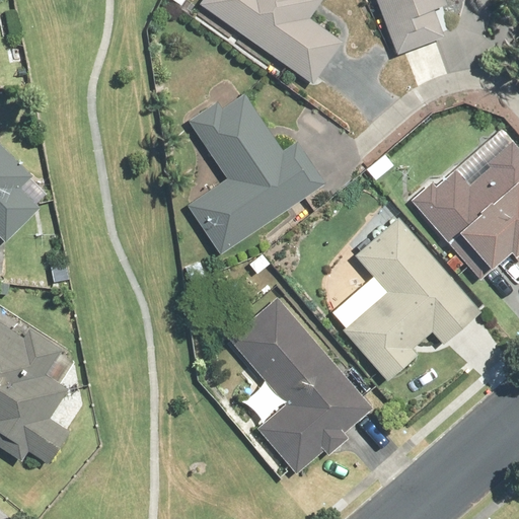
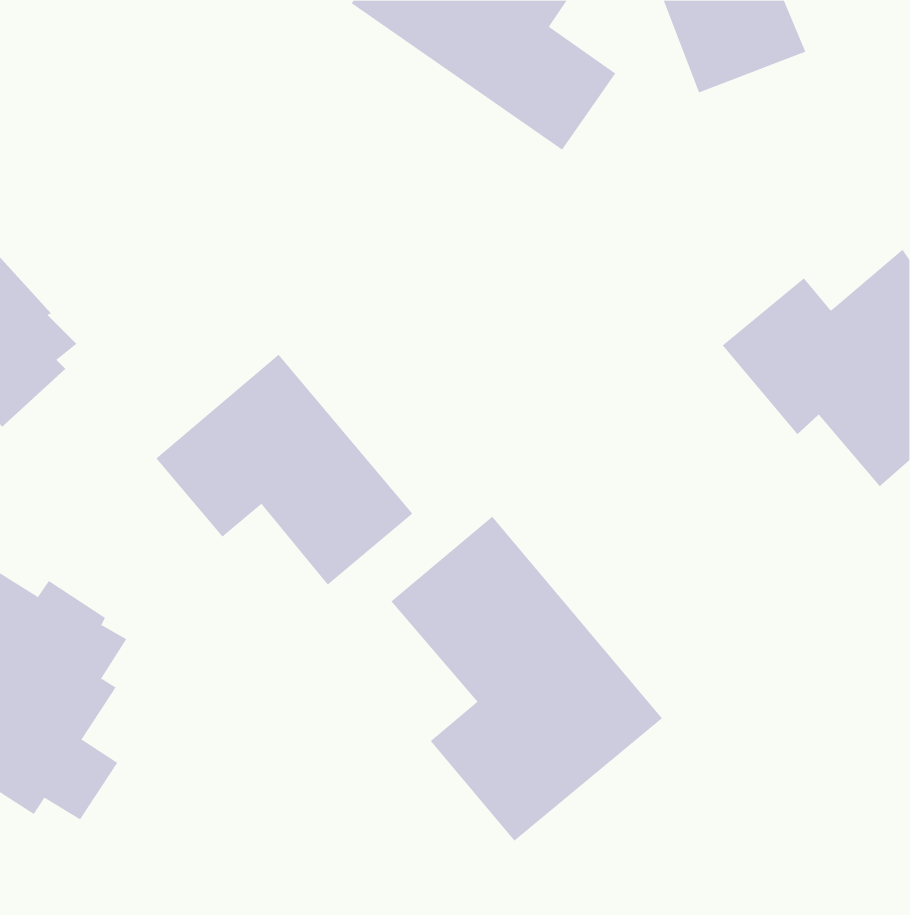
building: [181,84,330,261] -> none
building: none -> [156,354,413,585]
building: [340,211,485,386] -> none

